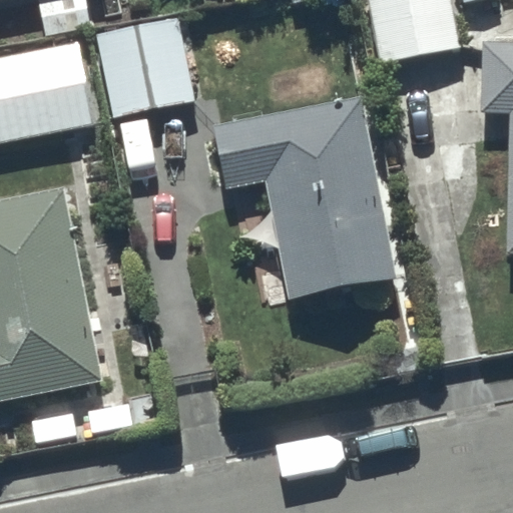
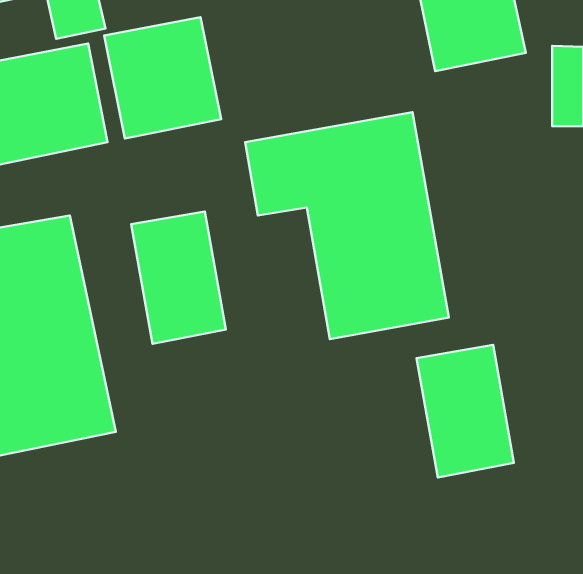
building: none -> [131,211,226,344]
building: none -> [417,345,514,478]

